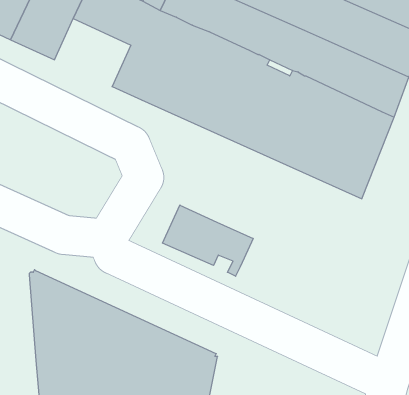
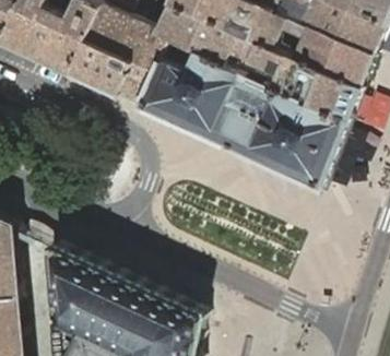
building: none -> [69,40,131,96]
building: [163,205,253,276] -> none

